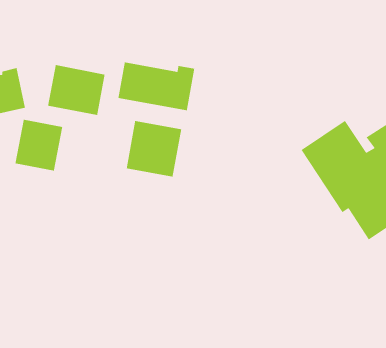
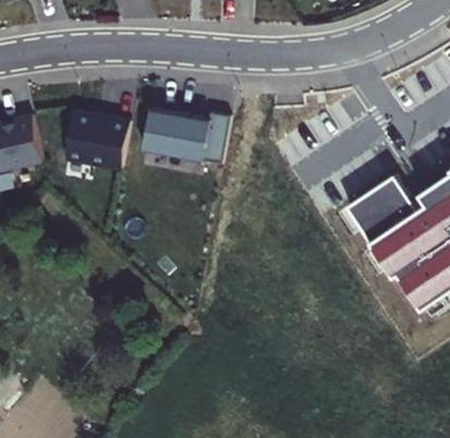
building: [14,119,63,172] -> none
building: [126,120,182,178] -> none

